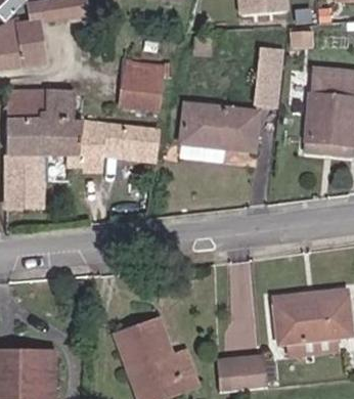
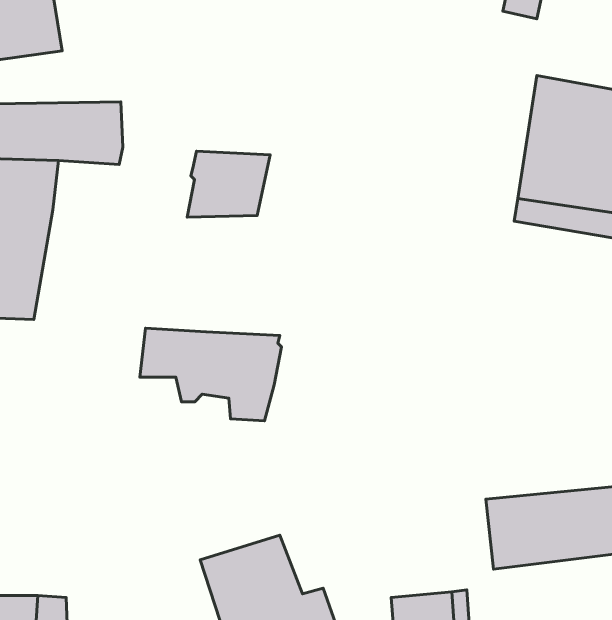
building: [249,45,281,99] -> none
building: [125,58,166,96] -> none
building: [181,108,252,150] -> none
building: [43,121,120,171] -> [140,328,282,421]

